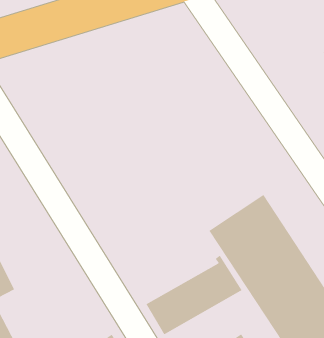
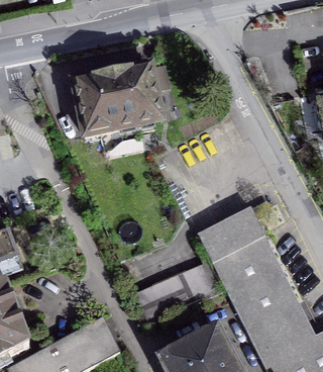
building: none -> [74,67,161,136]

